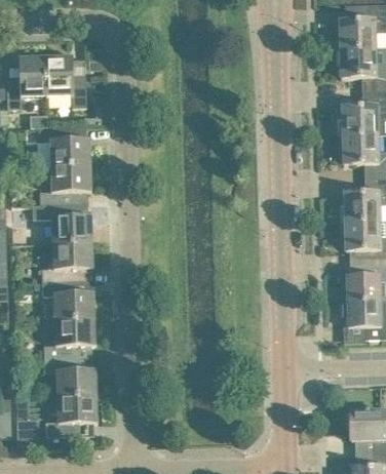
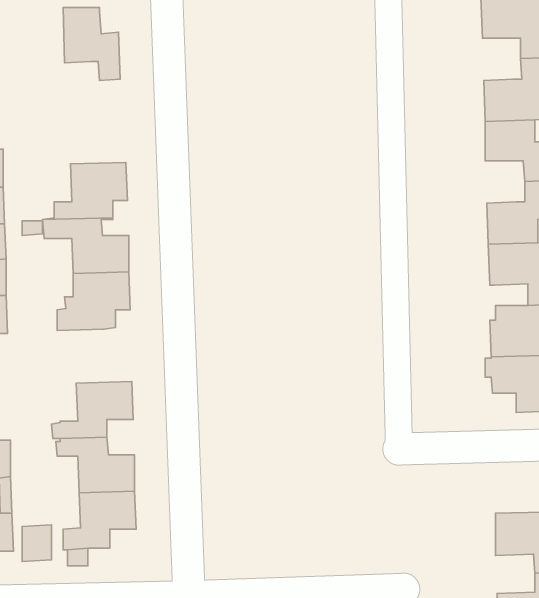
building: [6,54,46,108] -> none
building: [37,116,89,164] -> none
building: [33,280,93,318] -> none

